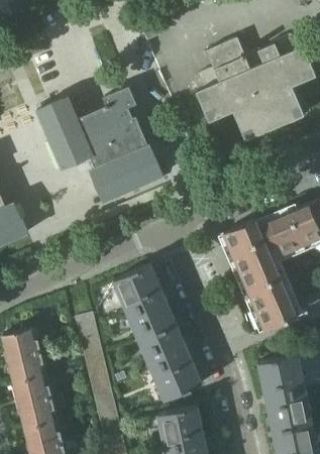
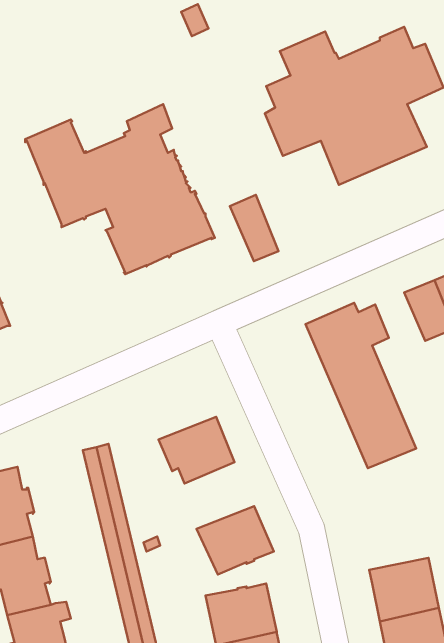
building: none -> [230,195,279,261]
building: [270,213,303,253] -> none
building: [113,265,164,311] -> none
building: [142,326,189,370] -> none
building: [258,355,305,398] -> none

